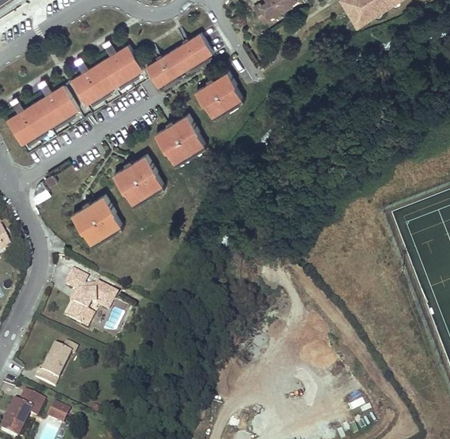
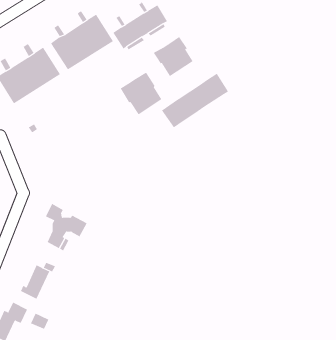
building: none -> [161,73,229,128]
building: [112,153,164,206] -> none
building: [71,194,122,246] -> none

